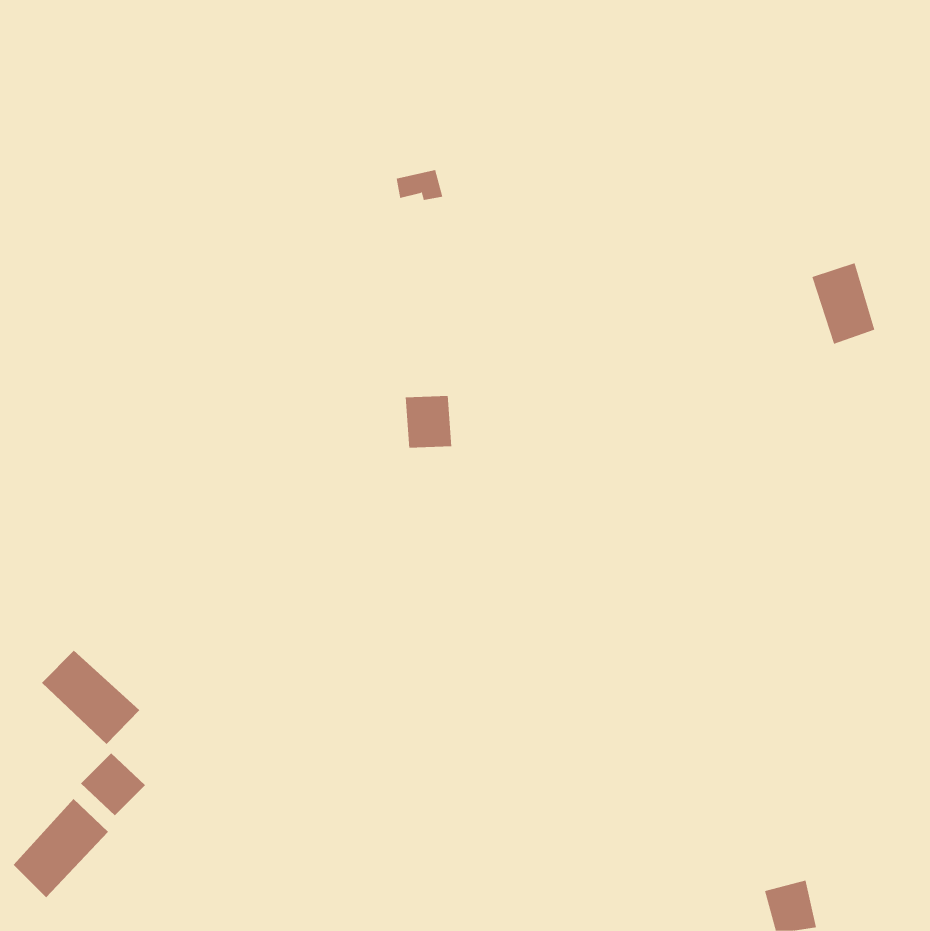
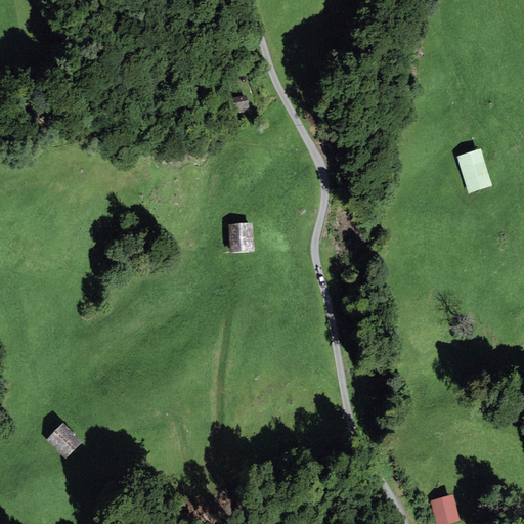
building: [41,650,140,745] -> none
building: [13,798,109,898] -> none

